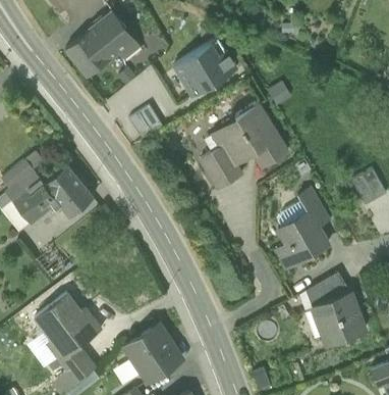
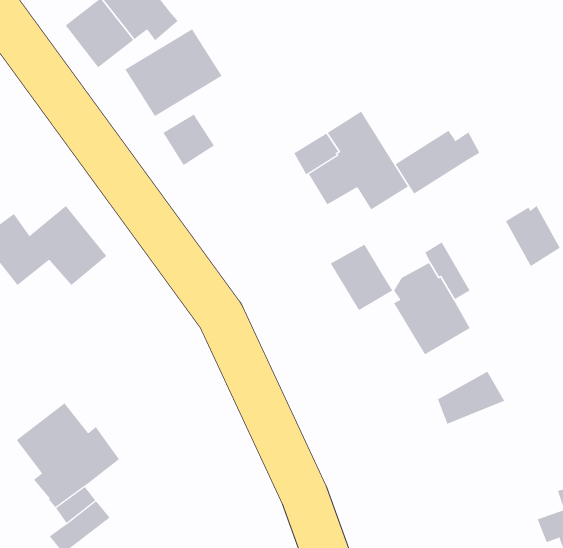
building: [174,40,237,97] -> [125,28,222,117]
building: none -> [395,130,480,194]
building: [201,146,241,190] -> [330,243,393,311]
building: [313,293,365,346] -> none
building: [125,326,181,382] -> none

